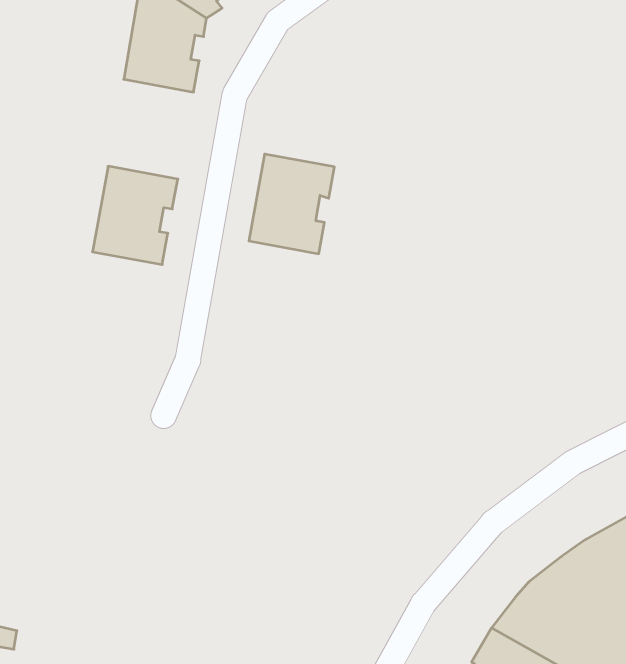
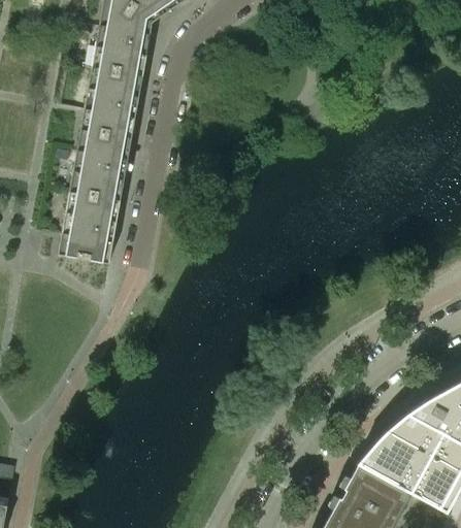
building: [249,154,334,254] -> [85,67,146,139]
building: none -> [62,192,124,264]

